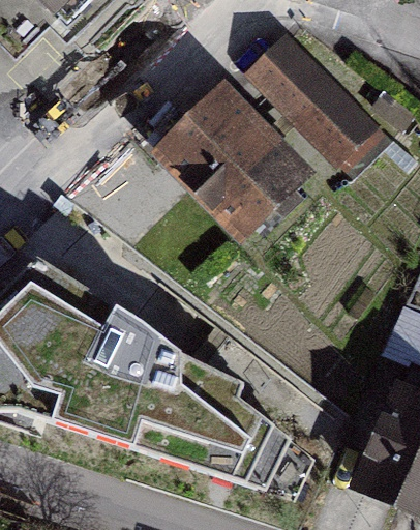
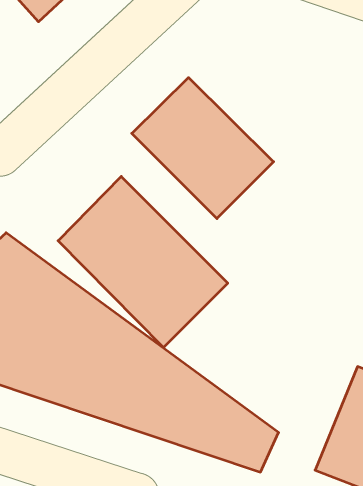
building: [251,37,376,164] -> none
building: none -> [58,176,228,347]

